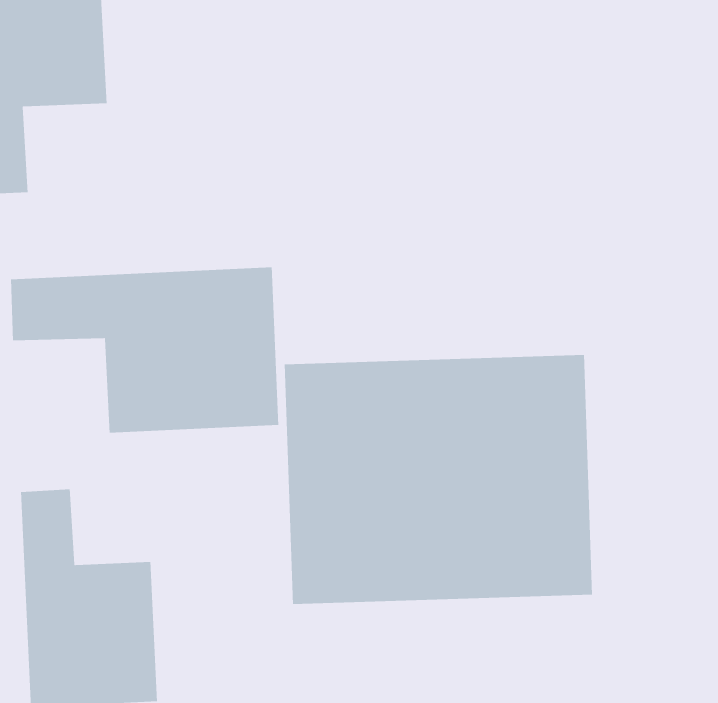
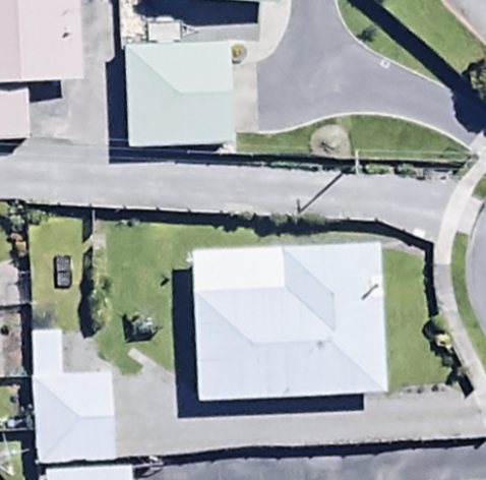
building: none -> [125,42,255,146]
building: [10,266,279,433] -> none

